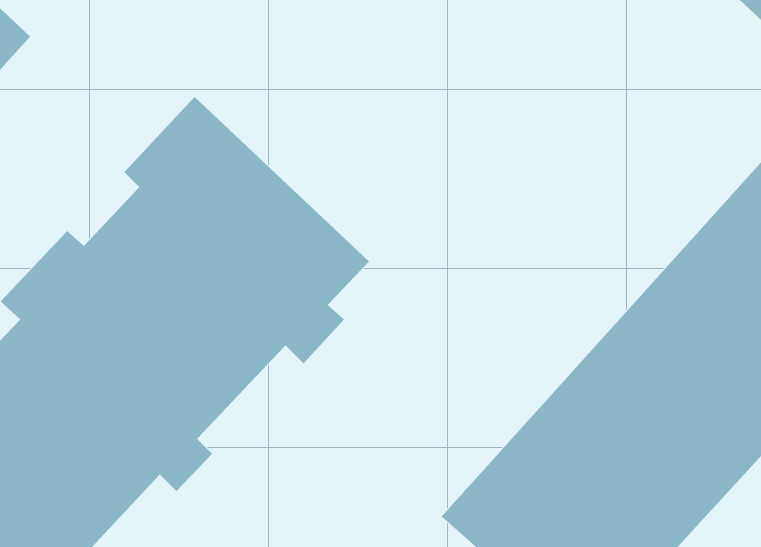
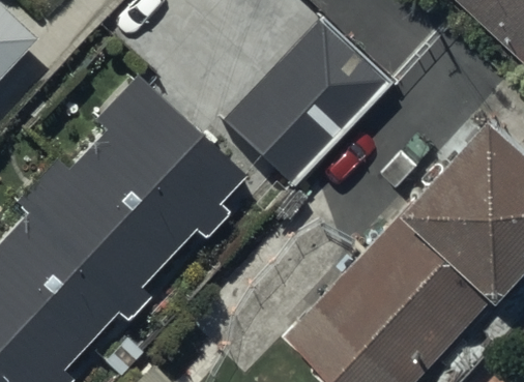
building: none -> [221,25,379,185]

